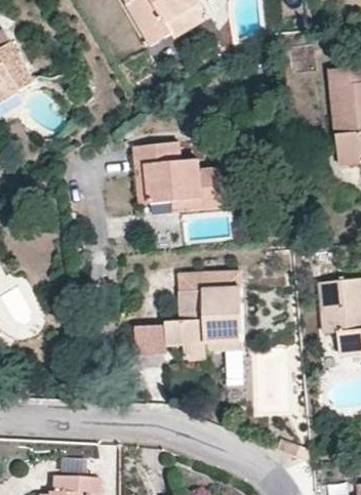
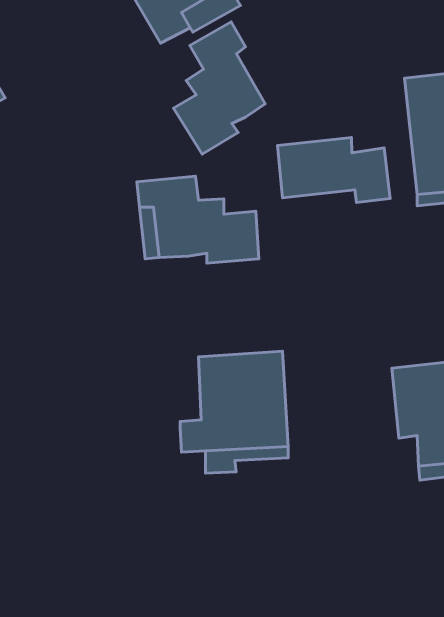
building: none -> [174,22,265,154]
building: none -> [278,138,390,203]
building: [133,326,165,356] -> none

